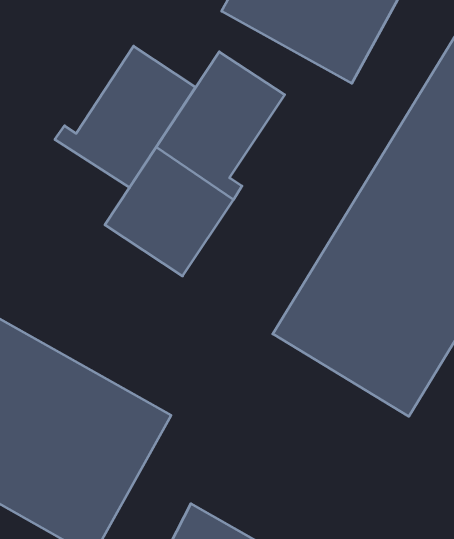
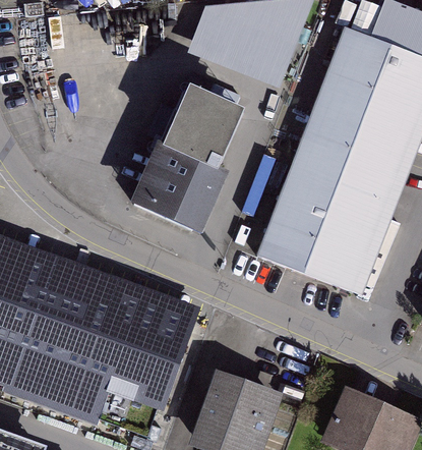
building: [55,46,195,188] -> none

